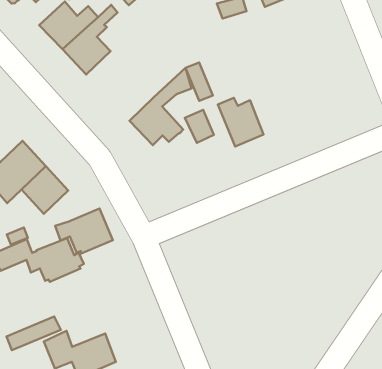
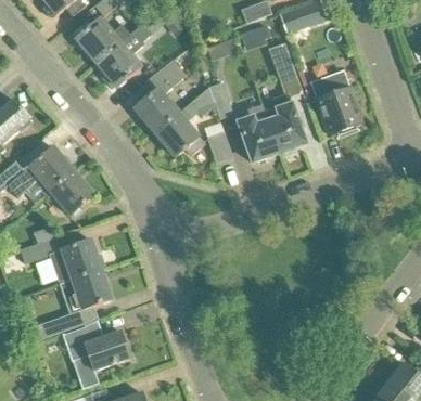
building: none -> [264,63,306,154]
building: none -> [133,57,186,132]
building: none -> [312,69,362,137]
building: [55,208,113,253] -> [59,268,112,309]

